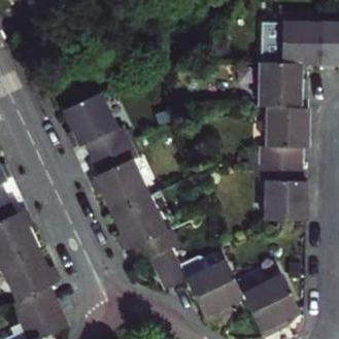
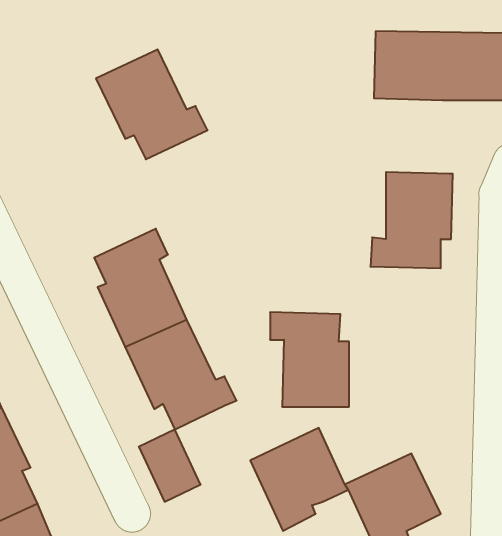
building: [260,63,306,108] -> none
building: [63,93,130,159] -> [96,49,208,159]
building: [259,164,306,221] -> [270,312,349,407]
building: [149,247,187,291] -> [139,430,201,502]

